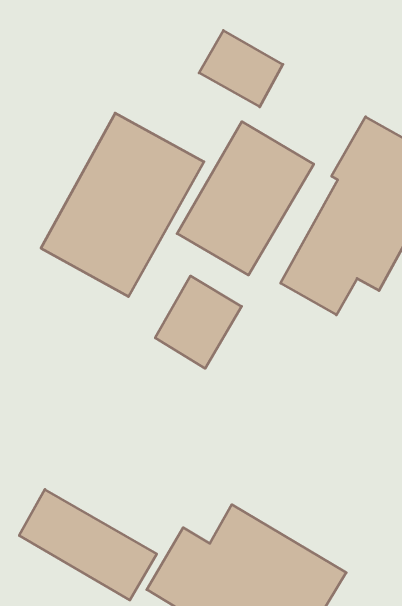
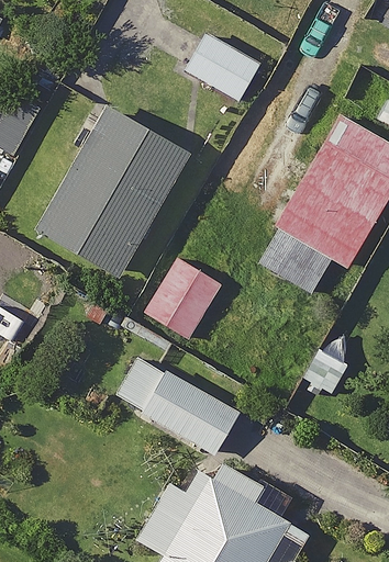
building: [177,122,314,275] -> none
building: [19,489,157,600] -> [114,355,238,454]

